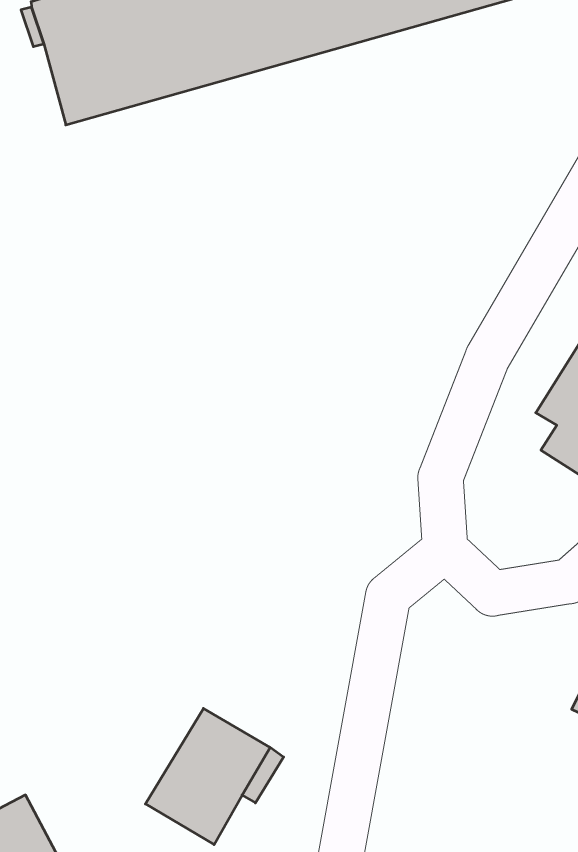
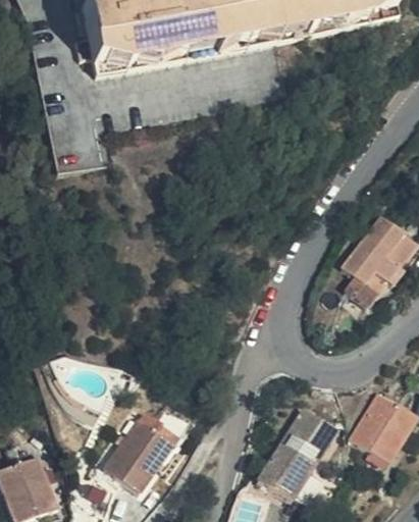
building: none -> [258,405,336,498]

